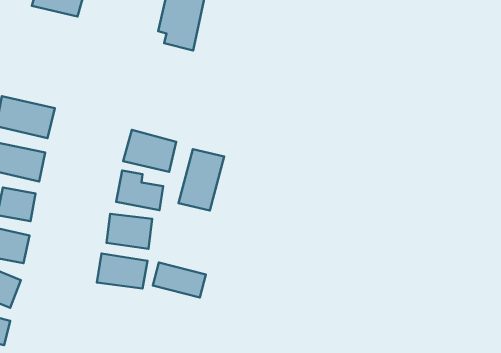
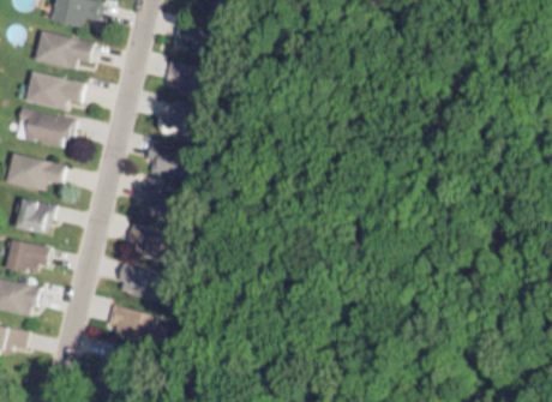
building: none -> [34,30,91,71]
building: none -> [163,61,205,97]
building: none -> [23,70,82,110]
building: none -> [155,102,197,139]
building: [178,149,224,211] -> none
building: [153,263,206,297] -> [104,302,157,337]

